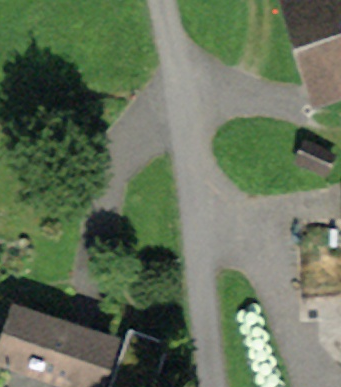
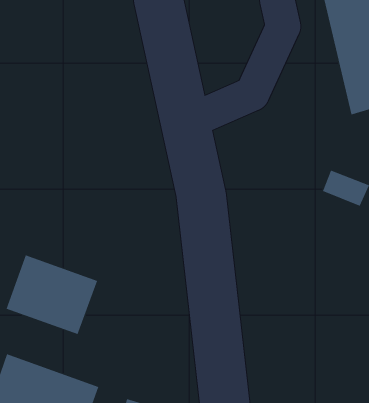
building: none -> [6,255,98,335]

